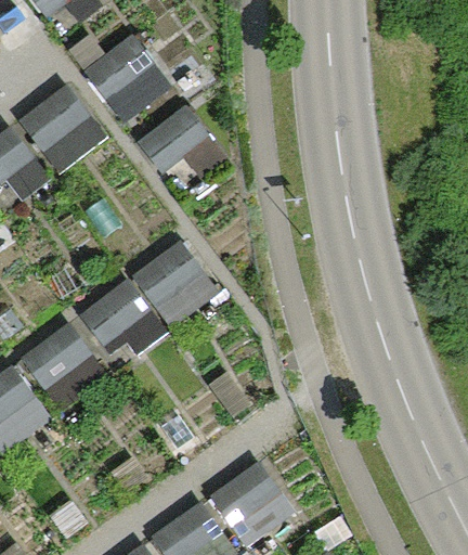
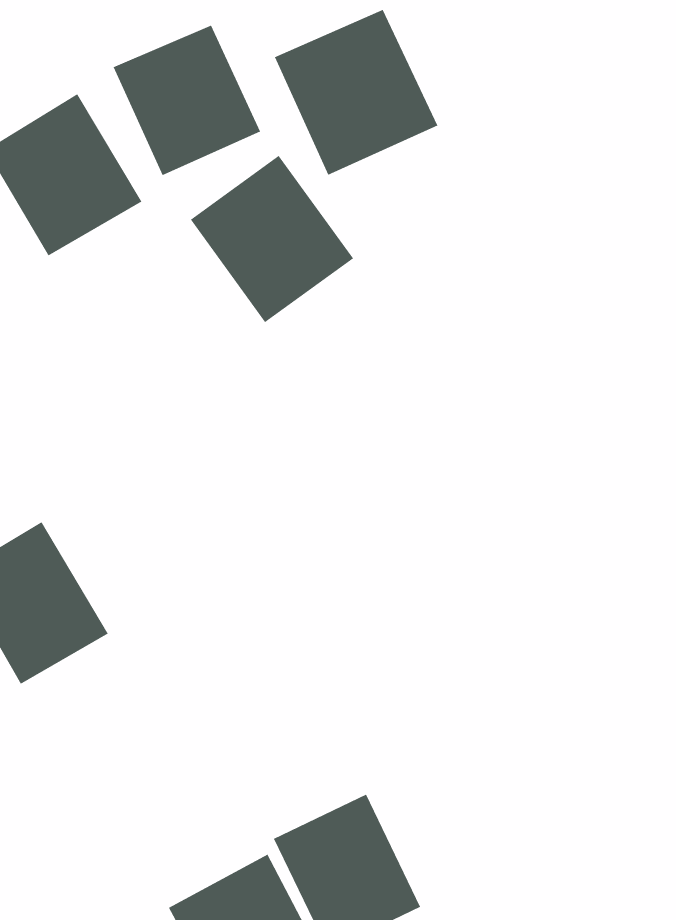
building: none -> [274,9,438,176]
building: [72,238,221,371] -> none

